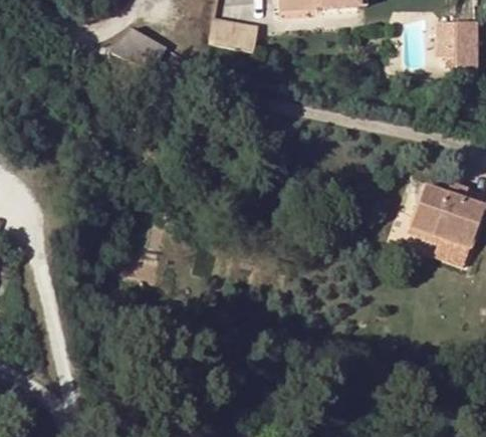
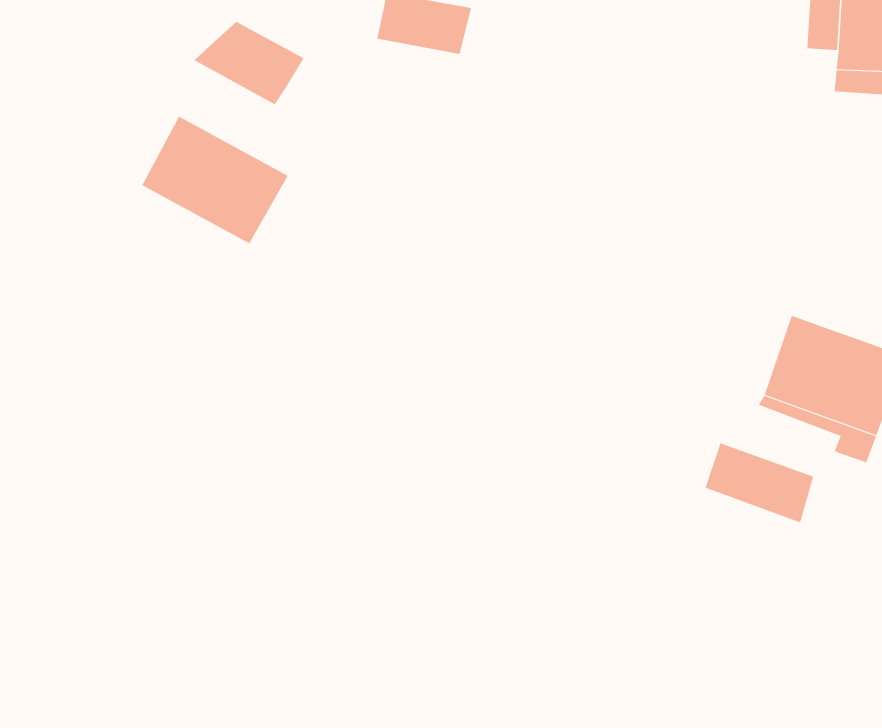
building: none -> [142,116,288,244]
building: none -> [705,442,814,523]

